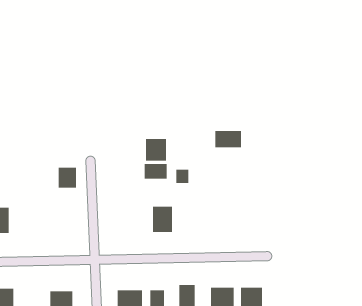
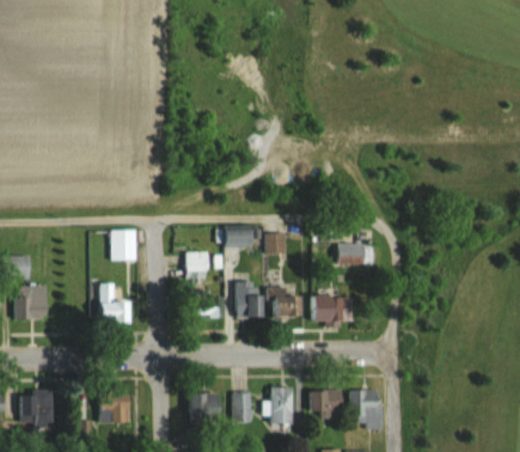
building: [215,131,242,148] -> [337,243,373,265]
building: [145,138,166,161] -> none
building: none -> [185,251,207,280]
building: none -> [98,283,130,322]
building: none -> [269,287,301,316]
building: none -> [310,294,343,322]

